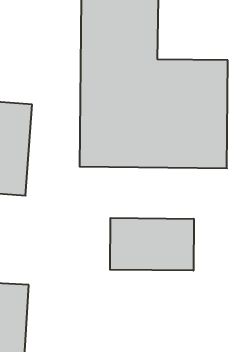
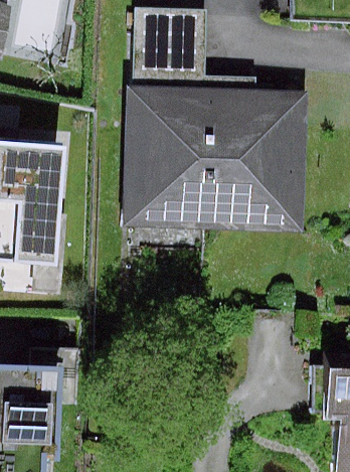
building: [110,218,194,271] -> none

